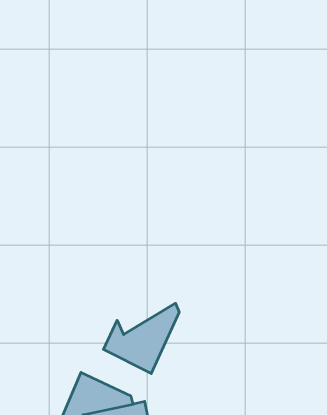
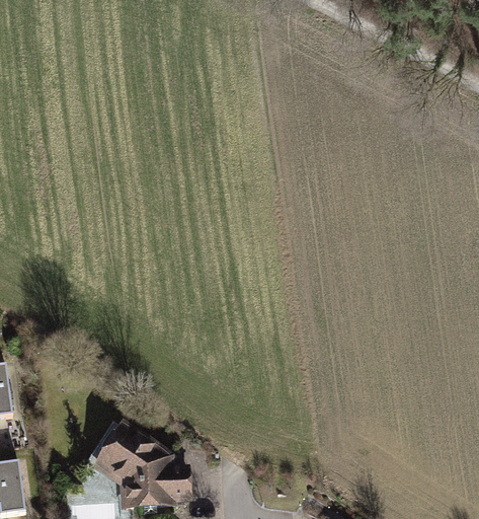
building: [103,303,179,374] -> none

